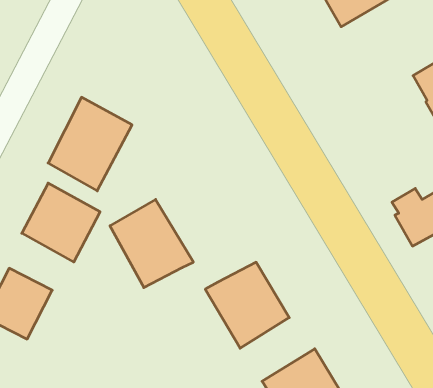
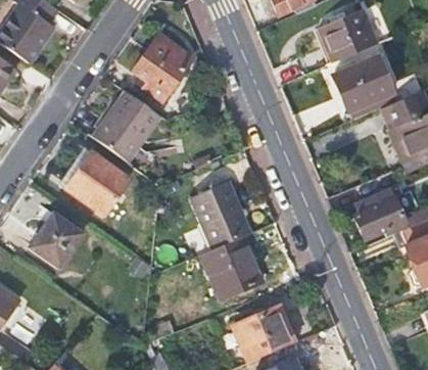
building: none -> [334,59,393,111]
building: none -> [133,33,191,99]
building: [110,199,193,288] -> [191,180,251,246]

